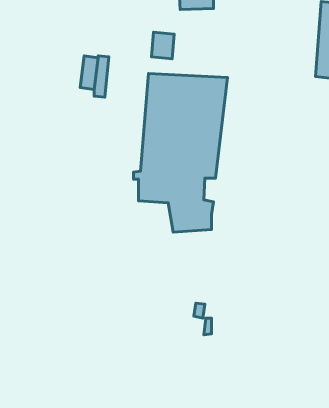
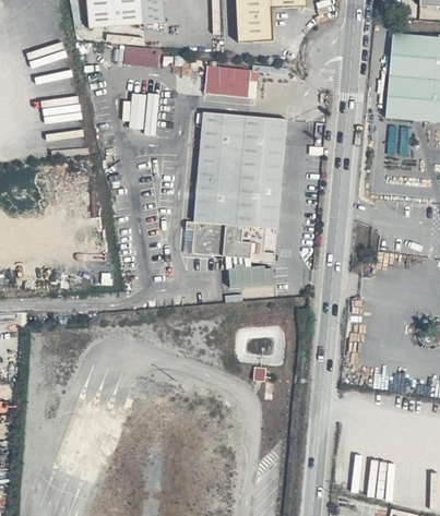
building: none -> [123,45,158,67]
building: none -> [228,68,252,96]

